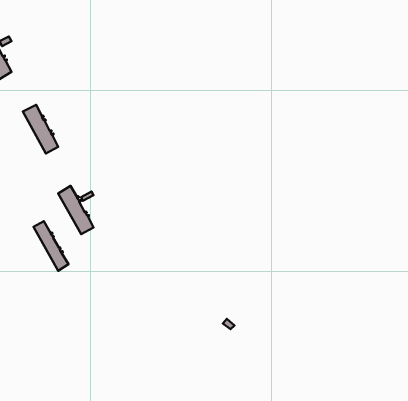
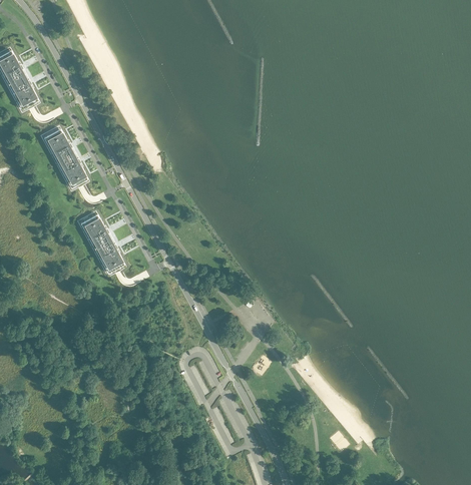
building: [34,221,69,271] -> none

